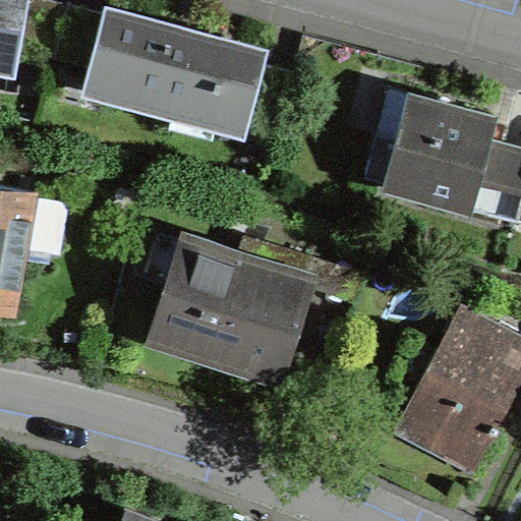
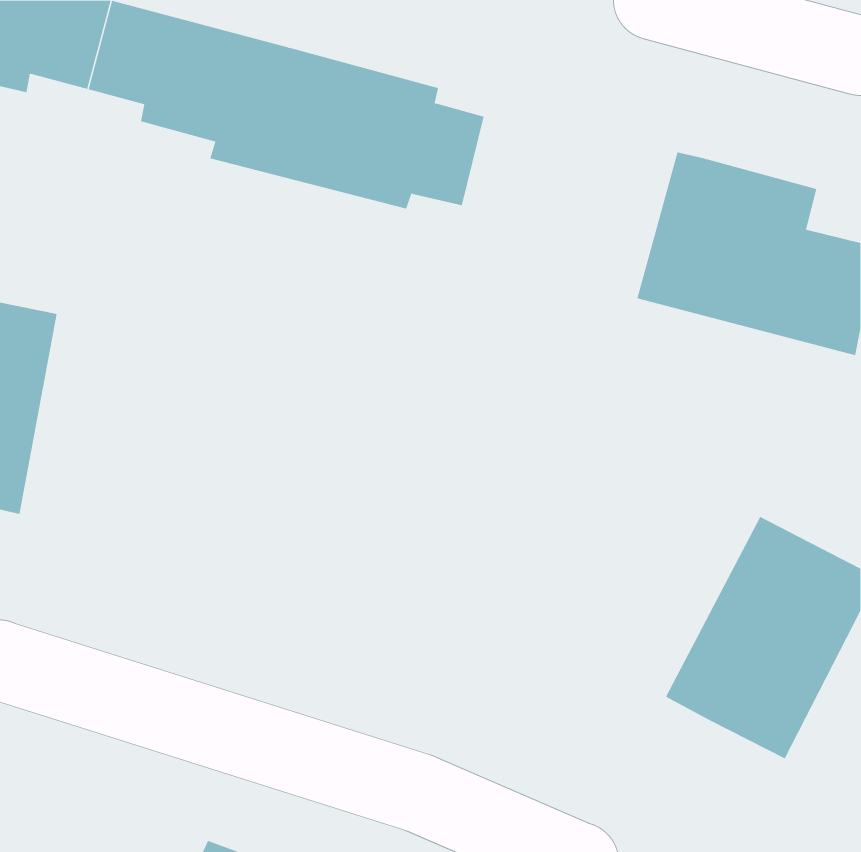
building: [150,238,311,380] -> none

